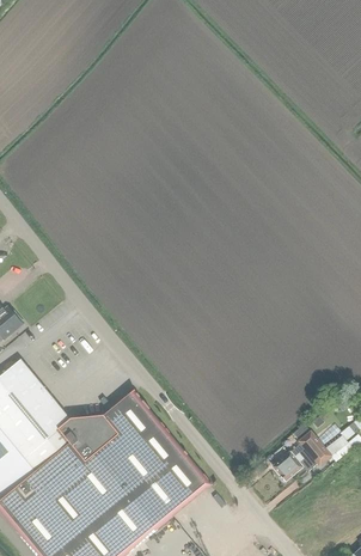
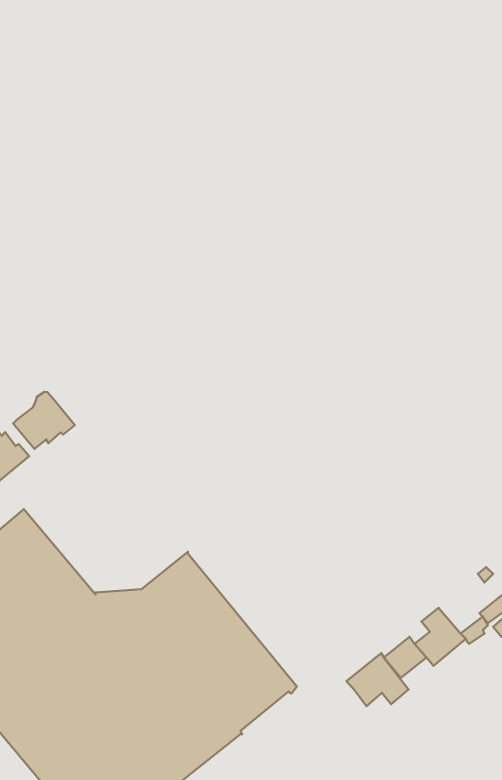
building: none -> [13,392,75,449]
building: none -> [347,653,409,706]

